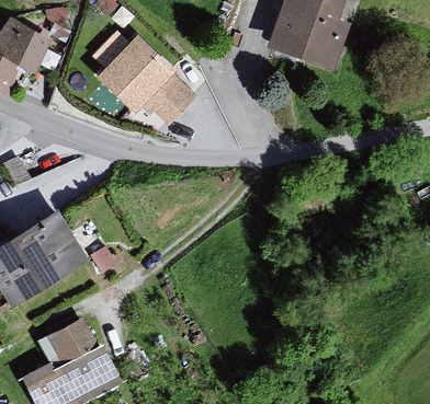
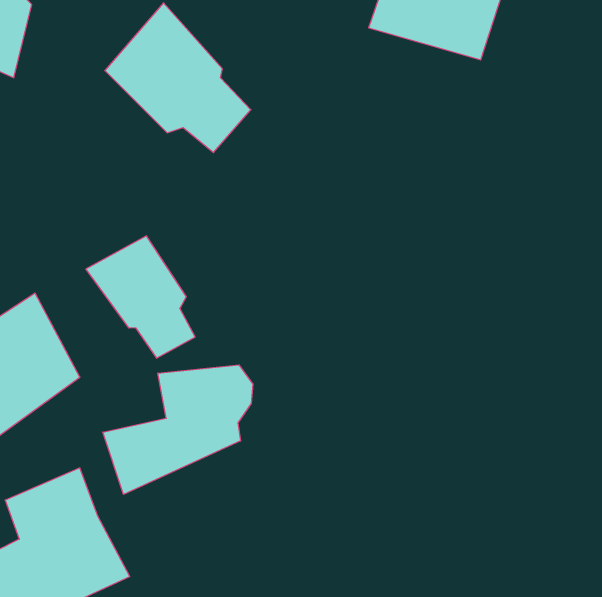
building: none -> [86,236,195,358]
building: none -> [103,365,253,494]

